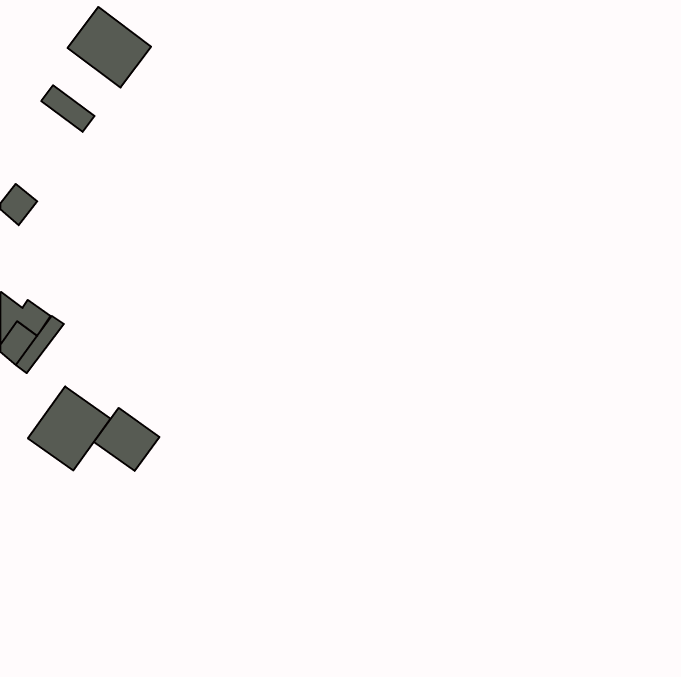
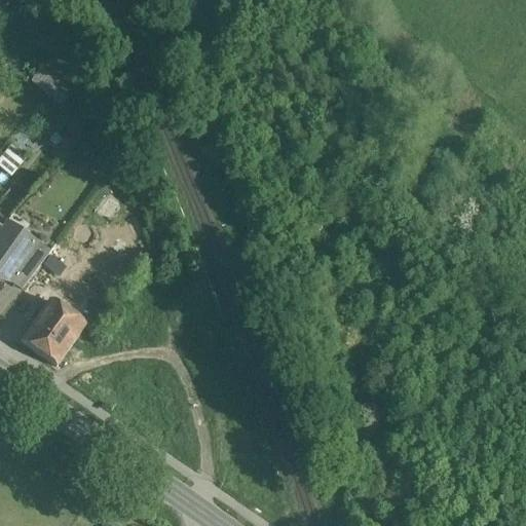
building: [68,7,151,88] -> none
building: [94,408,159,471] -> none

